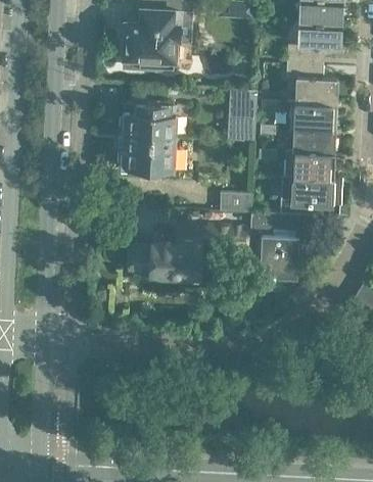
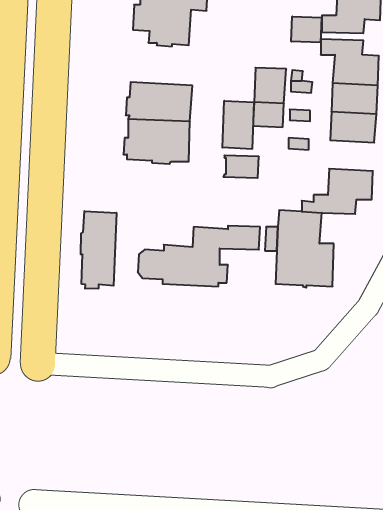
building: none -> [291,16,322,43]
building: none -> [222,101,254,149]
building: [293,153,332,180] -> none
building: [220,194,250,213] -> [223,155,259,178]
building: none -> [81,211,116,289]

